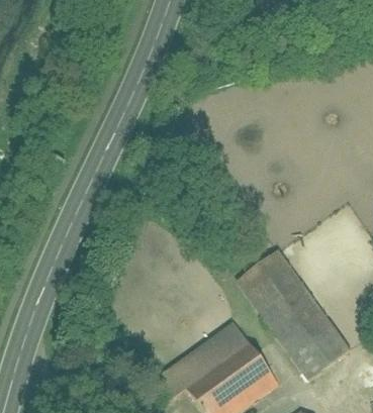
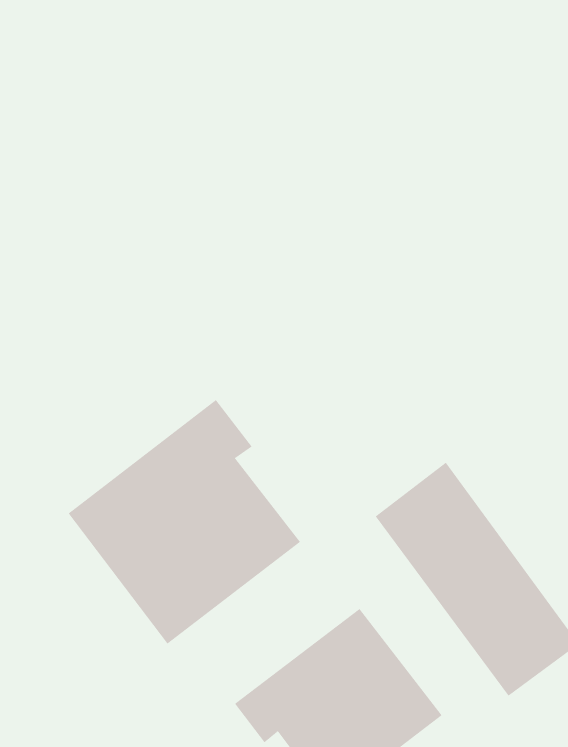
building: none -> [68,399,301,644]

